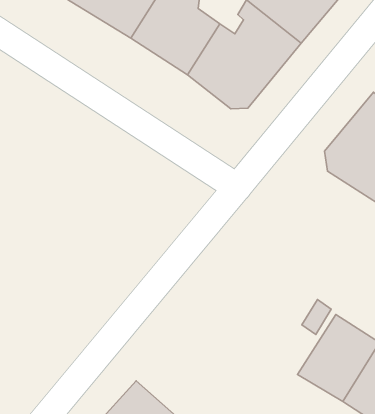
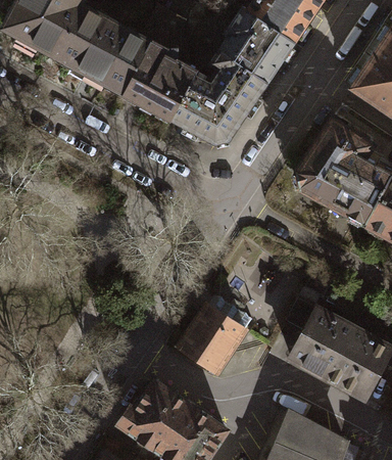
building: none -> [179,304,246,373]

